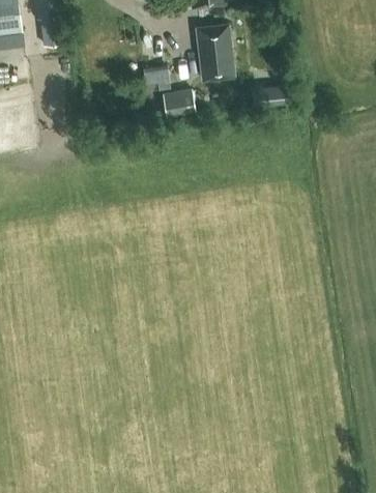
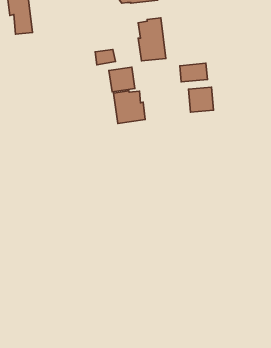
building: none -> [189,87,214,112]
building: none -> [113,91,145,124]

